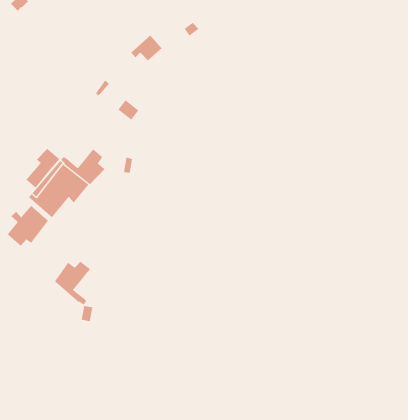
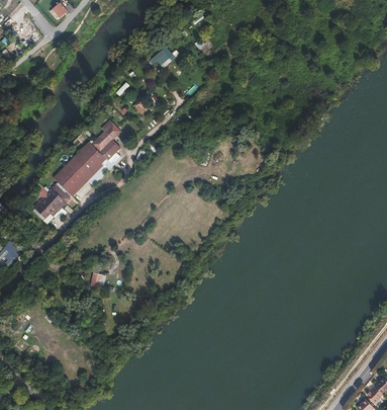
building: [26,148,60,188] -> [89,120,119,154]
building: [54,261,91,305] -> none

